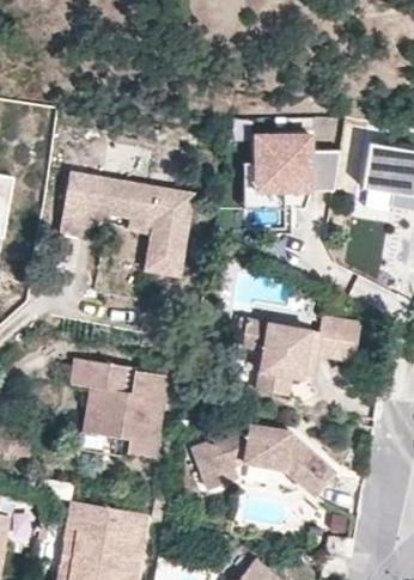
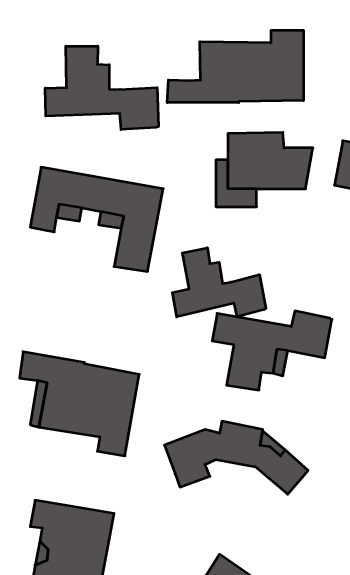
building: none -> [167,30,303,103]
building: none -> [45,46,158,130]
building: none -> [172,248,266,317]

